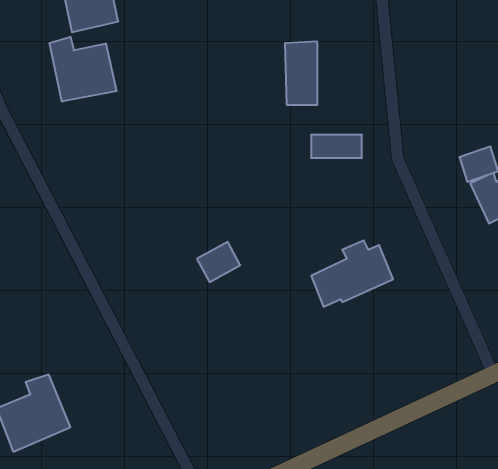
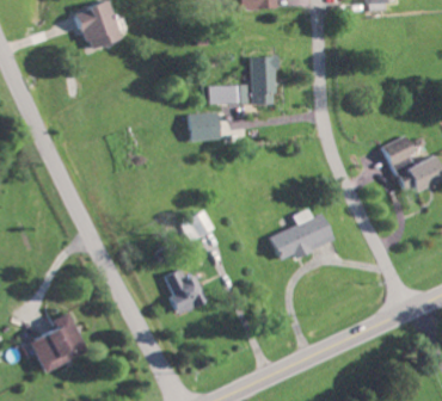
building: [50,37,117,102] -> none
building: none -> [190,112,220,141]
building: [311,135,362,158] -> [210,85,250,103]
building: none -> [164,269,205,311]

